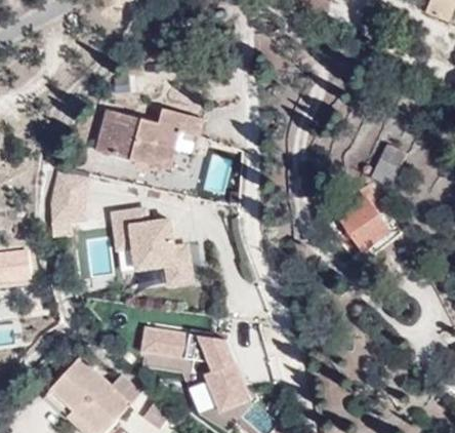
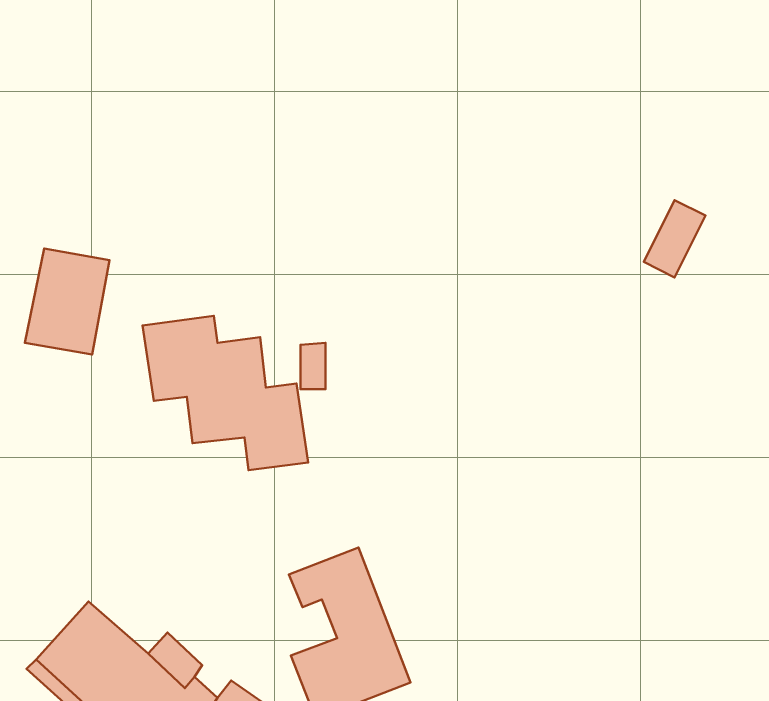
building: [96,110,200,169] -> none
building: [339,183,390,248] -> none
building: [138,325,188,370] -> none

